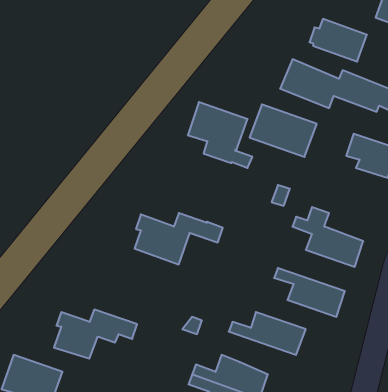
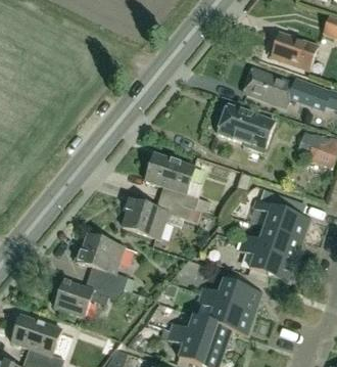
building: [188,102,252,168] -> [145,152,199,208]
building: none -> [241,226,305,261]
building: none -> [74,233,128,288]
building: none -> [198,294,256,335]

